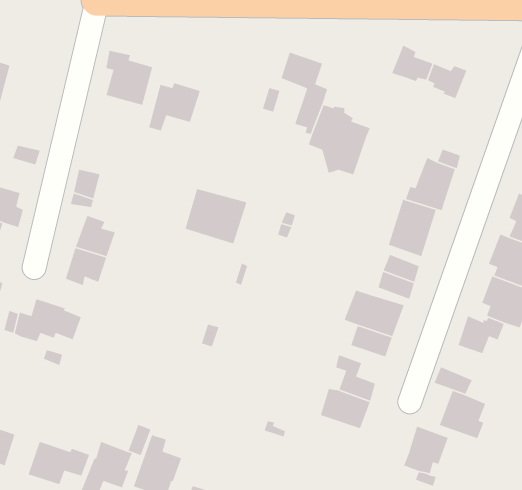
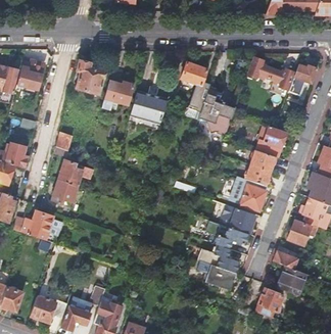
building: none -> [18,60,45,90]
building: none -> [289,64,318,95]
building: [185,188,248,244] -> [131,91,169,125]

